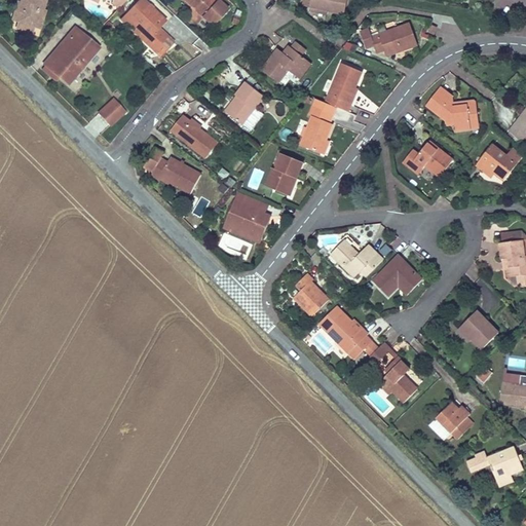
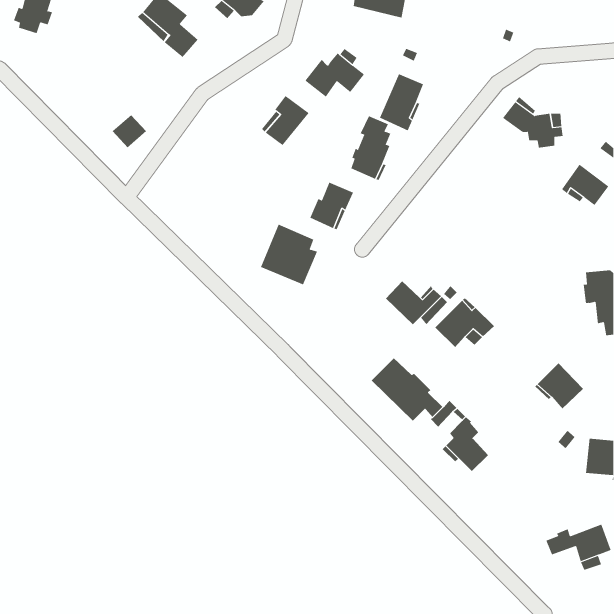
building: [359,23,417,55] -> none
building: [40,25,100,86] -> none
building: [168,114,218,158] -> none
building: [401,140,453,178] -> none
building: [142,146,201,194] -> none
building: [292,272,329,316] -> none
building: [436,404,471,435] -> none

